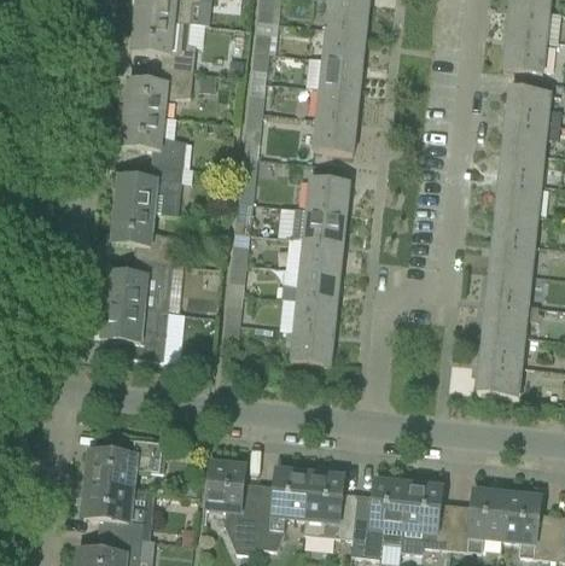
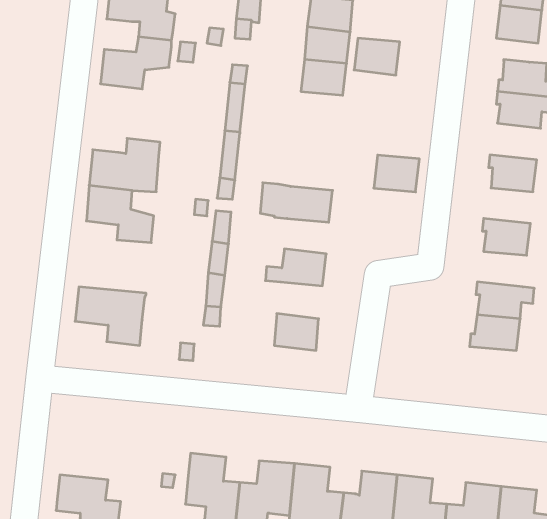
building: [121,110,185,165] -> none
building: [311,117,355,152] -> [354,38,400,75]
building: [495,147,543,182] -> none
building: [305,176,349,211] -> [374,155,419,192]
building: [489,209,536,243] -> none
building: [299,238,342,272] -> none
building: [104,258,173,309] -> none
building: [483,269,530,303] -> none
building: [292,298,336,333] -> none
building: [474,360,520,395] -> none
building: [86,434,165,486] -> none

